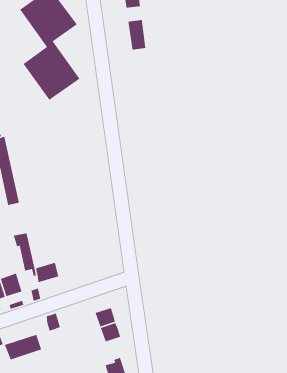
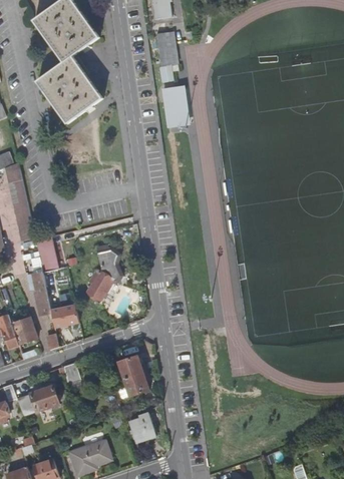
building: none -> [161,83,192,125]
building: none -> [34,235,57,272]
building: none -> [86,251,119,300]

